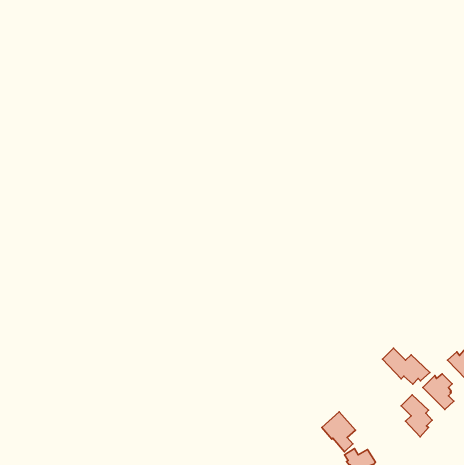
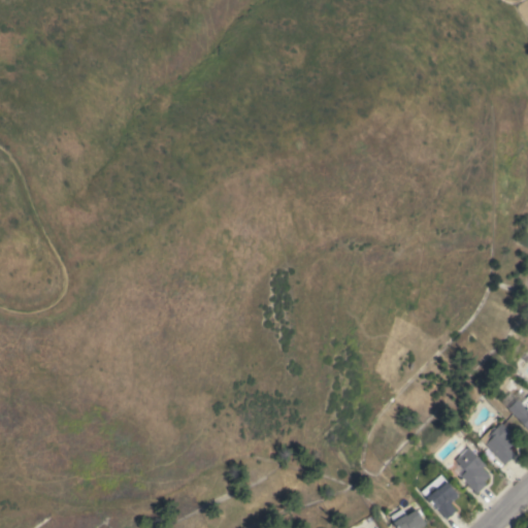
building: [382,348,430,384] -> none
building: [322,412,356,452] -> [422,474,460,520]

